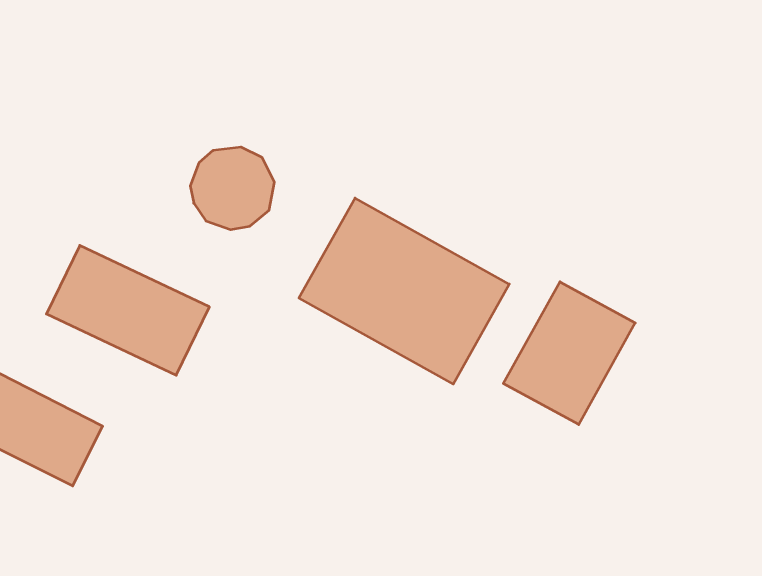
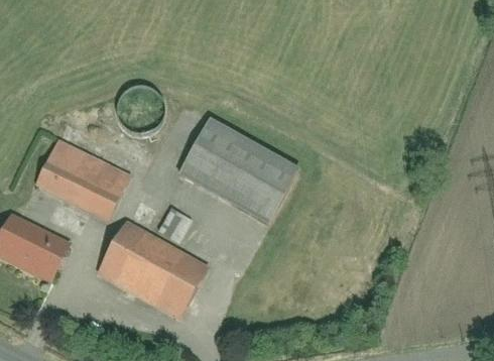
building: [503,282,635,425] -> none
building: none -> [100,223,206,315]

